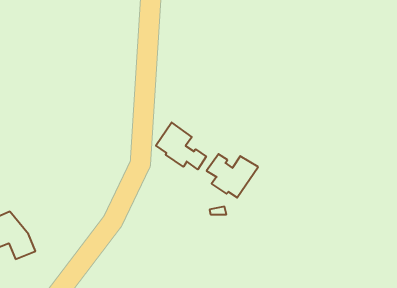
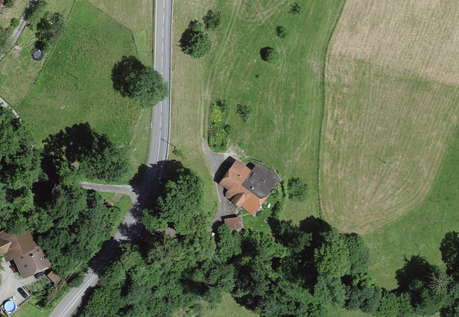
building: [156,122,206,169] -> none

